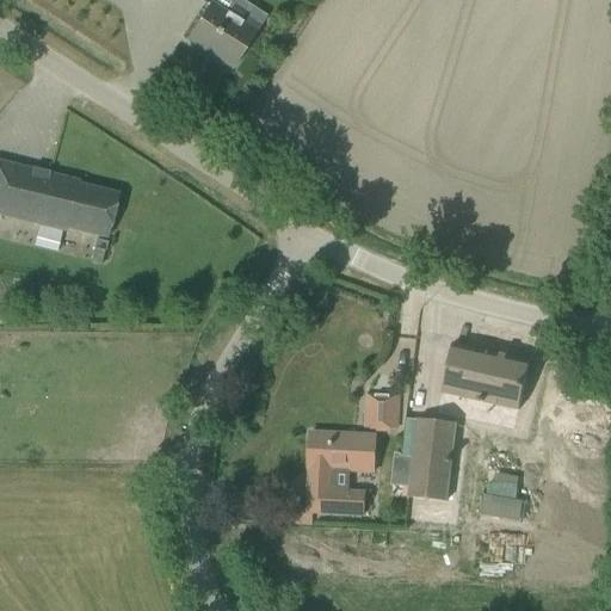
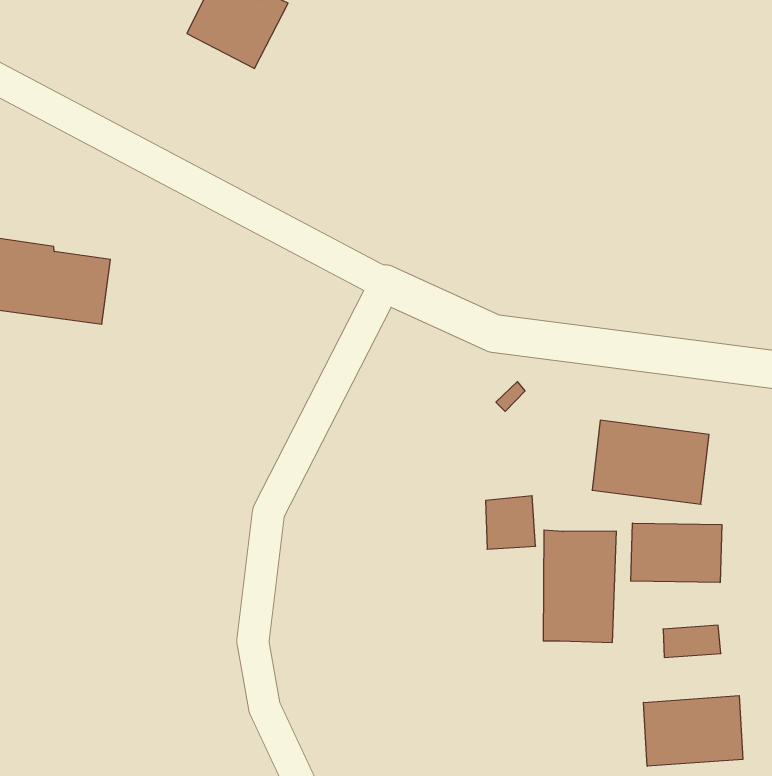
building: none -> [631,523,722,583]
building: [280,430,377,523] -> none
building: none -> [644,696,743,766]

